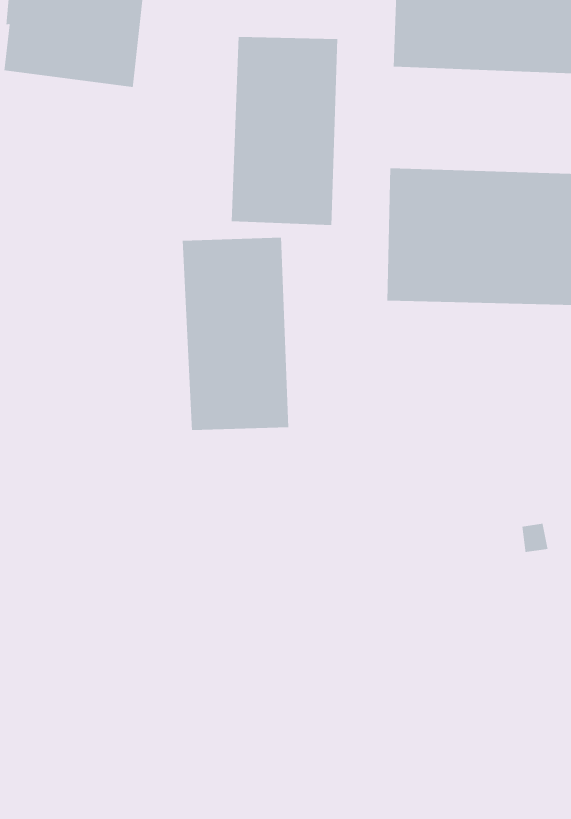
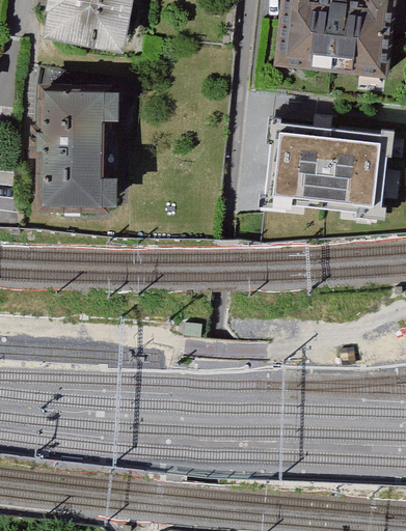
building: [231,36,338,226] -> none
building: [182,237,289,431] -> [40,94,104,214]

